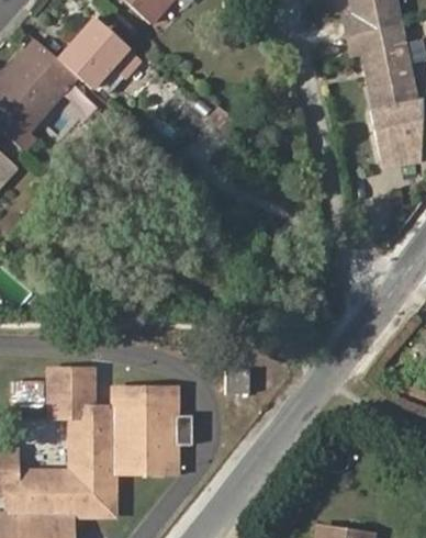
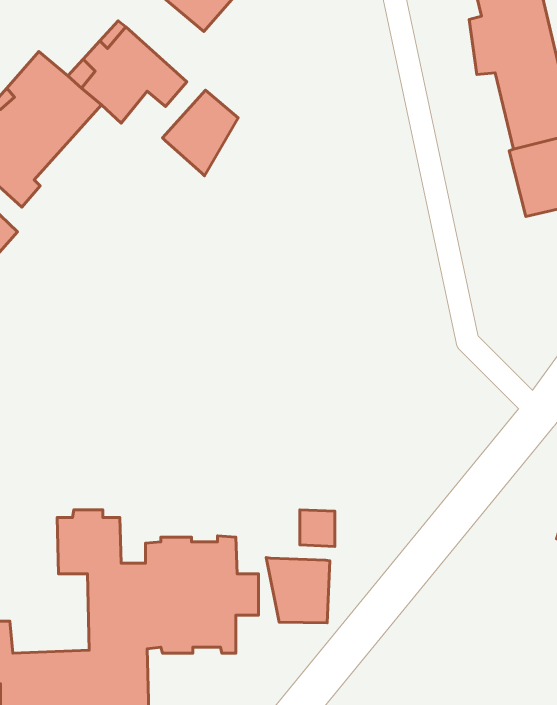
building: none -> [163,90,238,176]
building: none -> [266,558,330,623]

